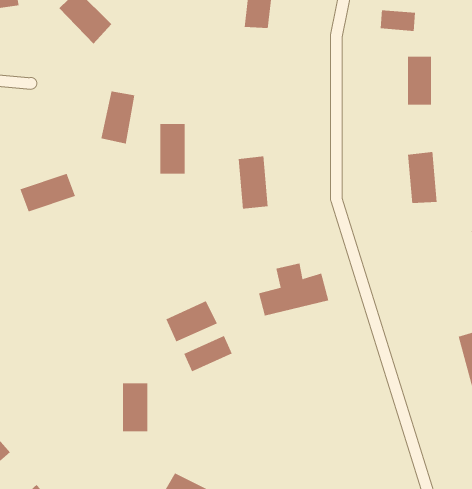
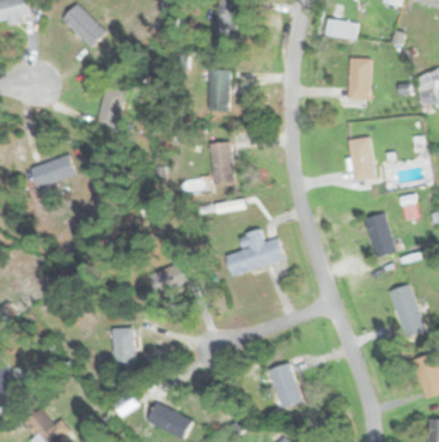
building: [159,123,185,174] -> [208,69,230,111]
building: none -> [364,216,397,256]
building: [183,335,233,372] -> none
building: none -> [267,363,303,411]

